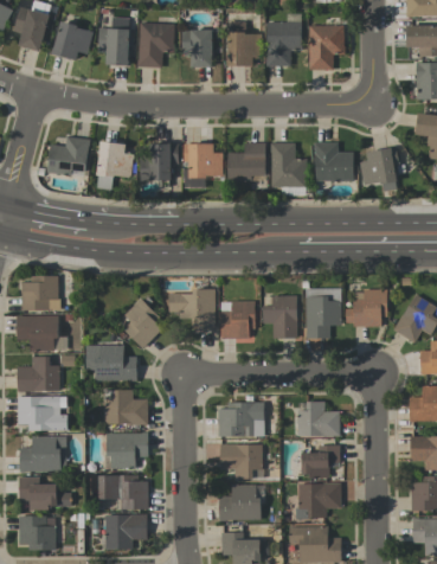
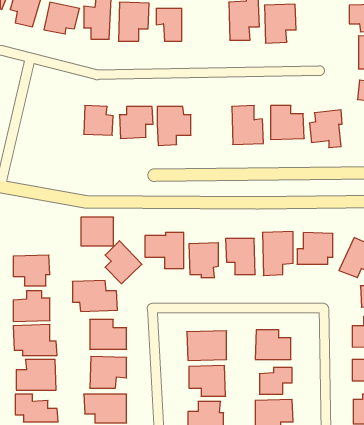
building: [227,32,262,66] -> none
building: [47,136,89,175] -> none
building: [227,143,265,181] -> none
building: [21,277,59,310] -> [81,217,114,246]

